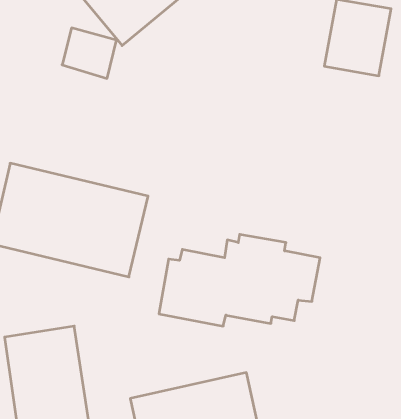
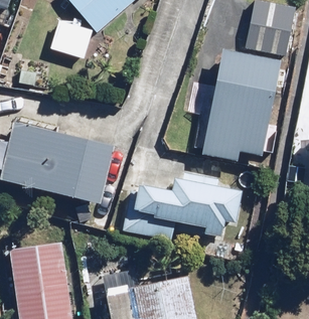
building: none -> [202,49,281,161]

